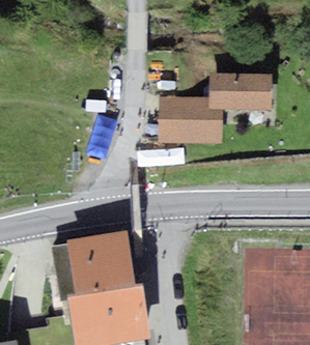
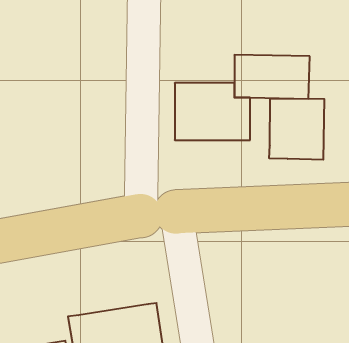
building: none -> [269,98,324,160]
building: [65,230,134,294] -> none

